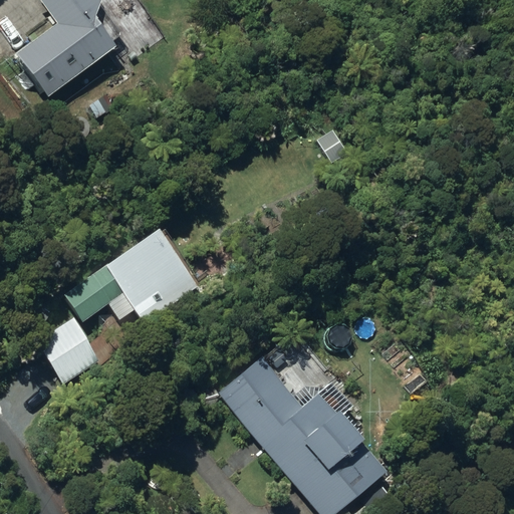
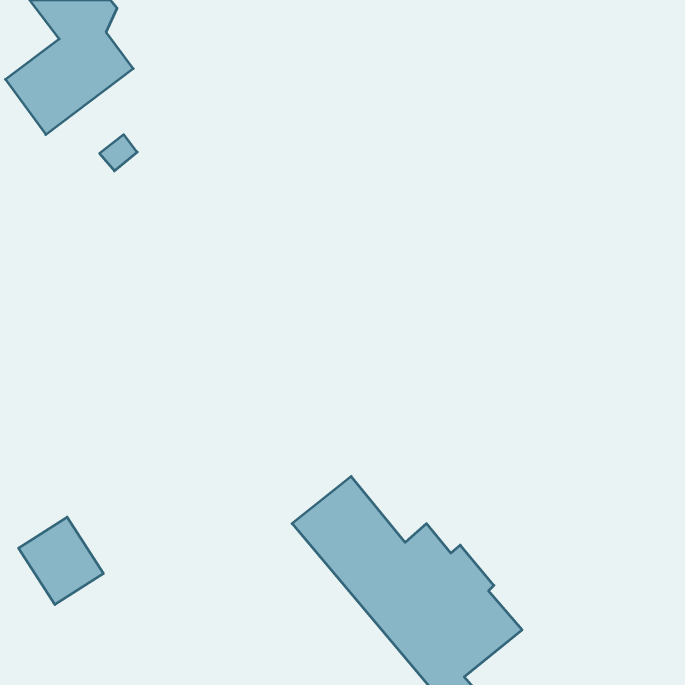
building: [65,228,200,322] -> none
building: [38,317,101,382] -> [19,517,103,605]

